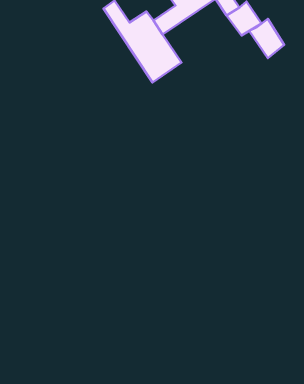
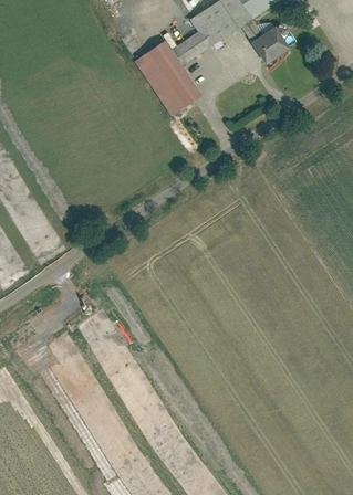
building: [249,19,284,58] -> none

